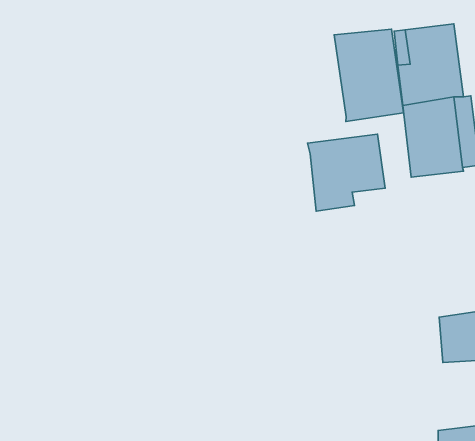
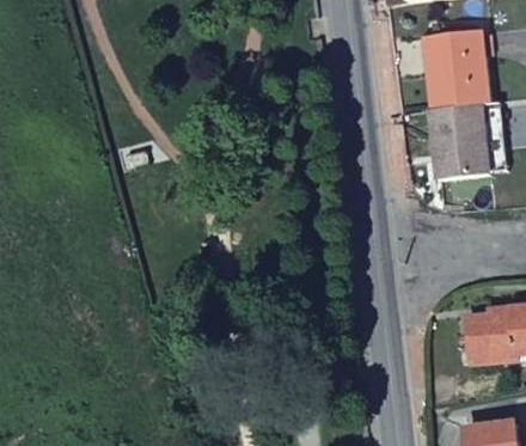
building: [334,29,404,121] -> none
building: [308,134,385,211] -> none

